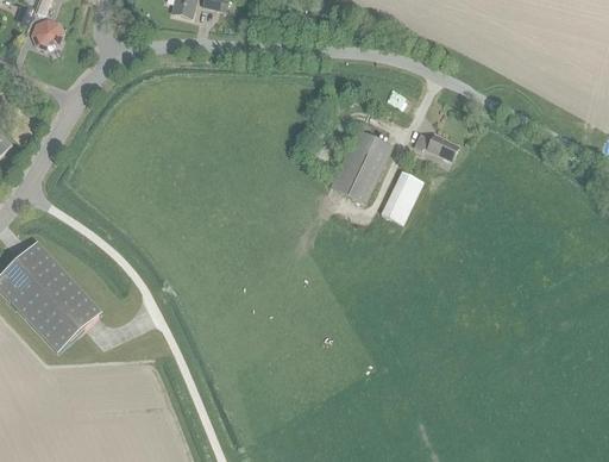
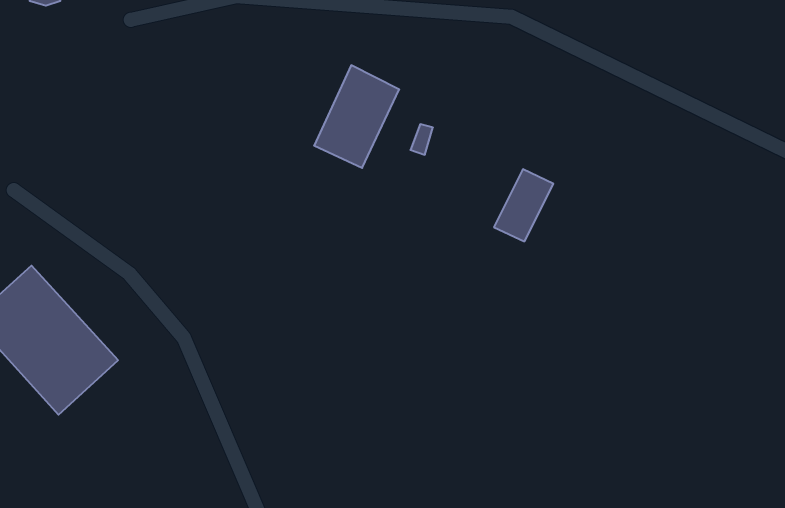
building: [329,127,393,204] -> [314,65,399,168]
building: [413,132,458,160] -> none

